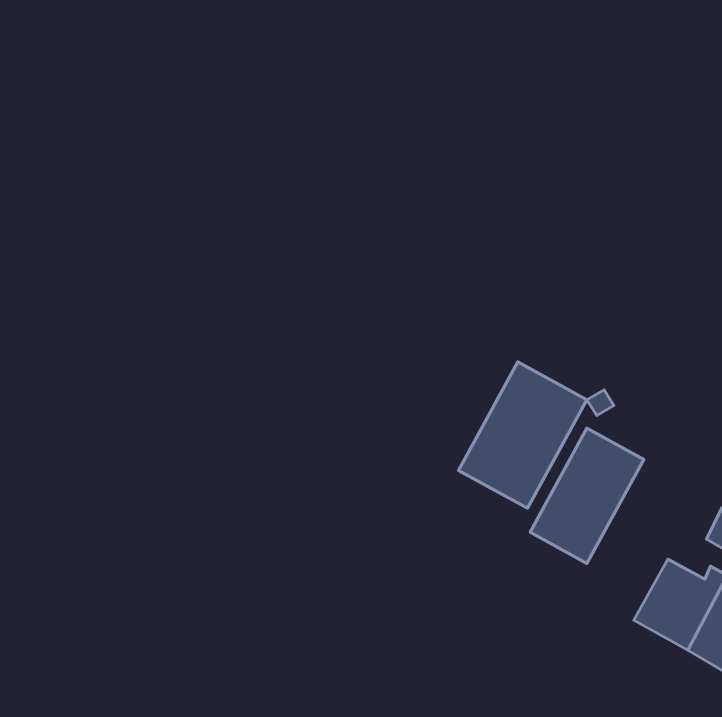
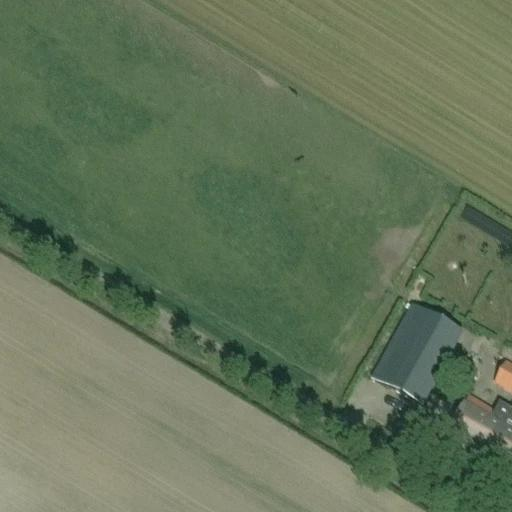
building: [458,362,587,508] -> none

